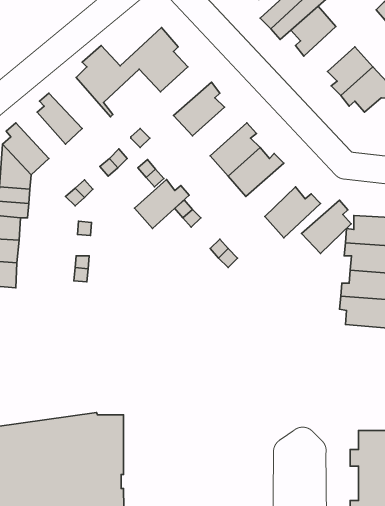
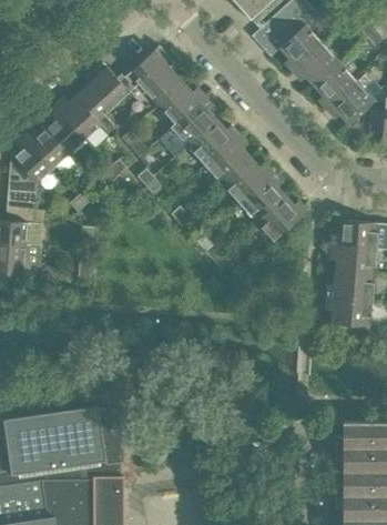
building: none -> [293,46,340,88]
building: none -> [159,83,206,129]
building: none -> [54,93,112,141]
building: none -> [23,125,70,169]
building: [135,180,189,228] -> [189,121,240,166]
building: [301,200,351,254] -> [238,173,285,223]

